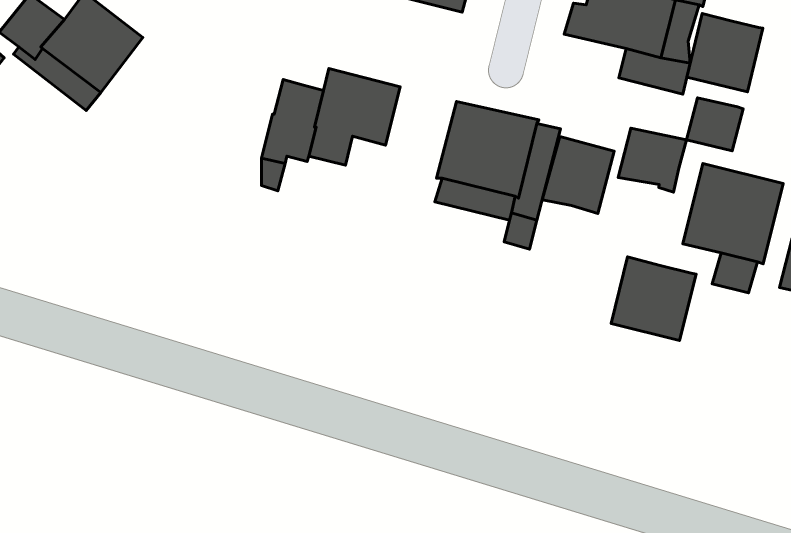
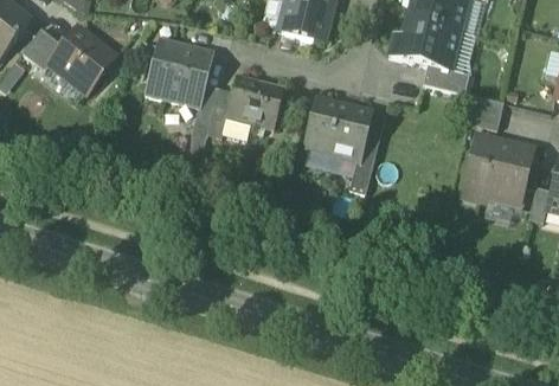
building: none -> [146,37,214,104]
building: [687,14,763,92] -> none
building: [618,128,686,192] -> none
building: [542,136,614,213] -> none
building: [611,257,696,341] -> none

